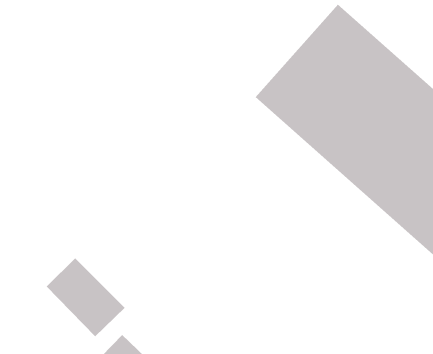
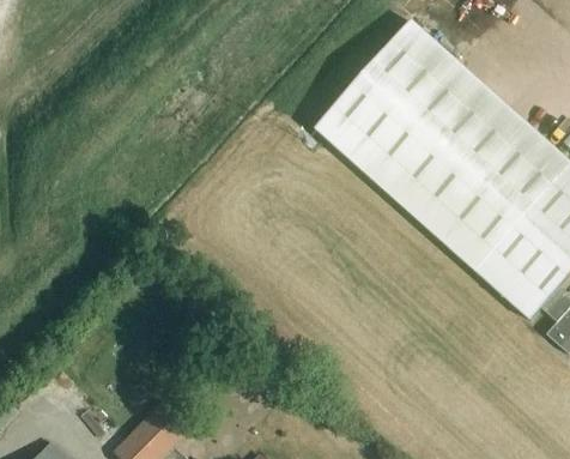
building: [46,257,126,337] -> none

